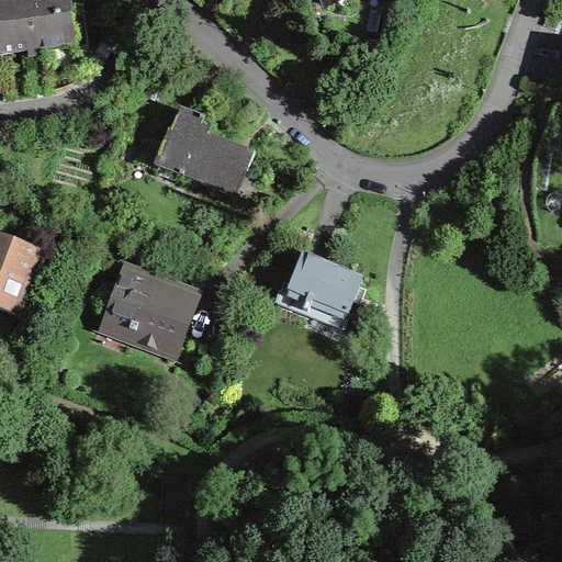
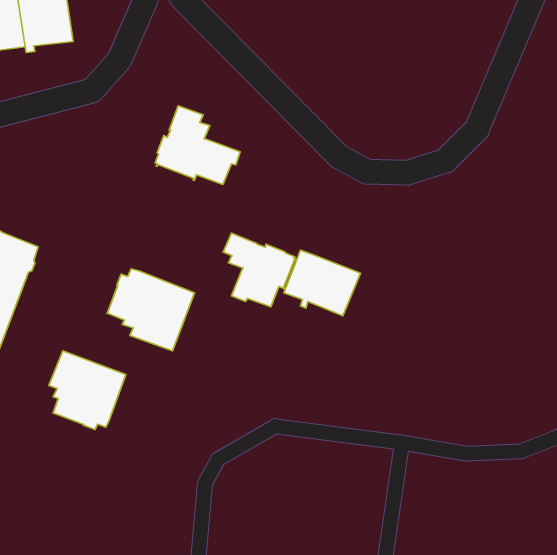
building: none -> [223,233,297,307]
building: none -> [49,351,126,429]

